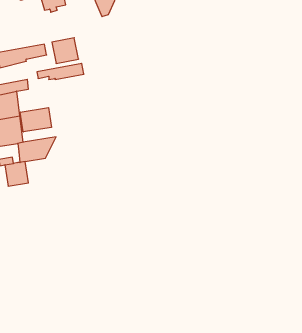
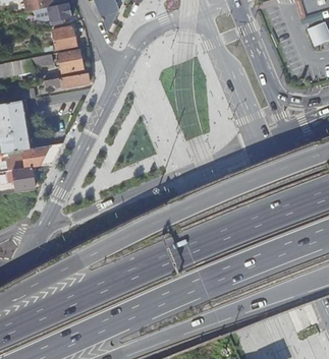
building: none -> [52,26,76,50]
building: [20,108,51,132] -> none

